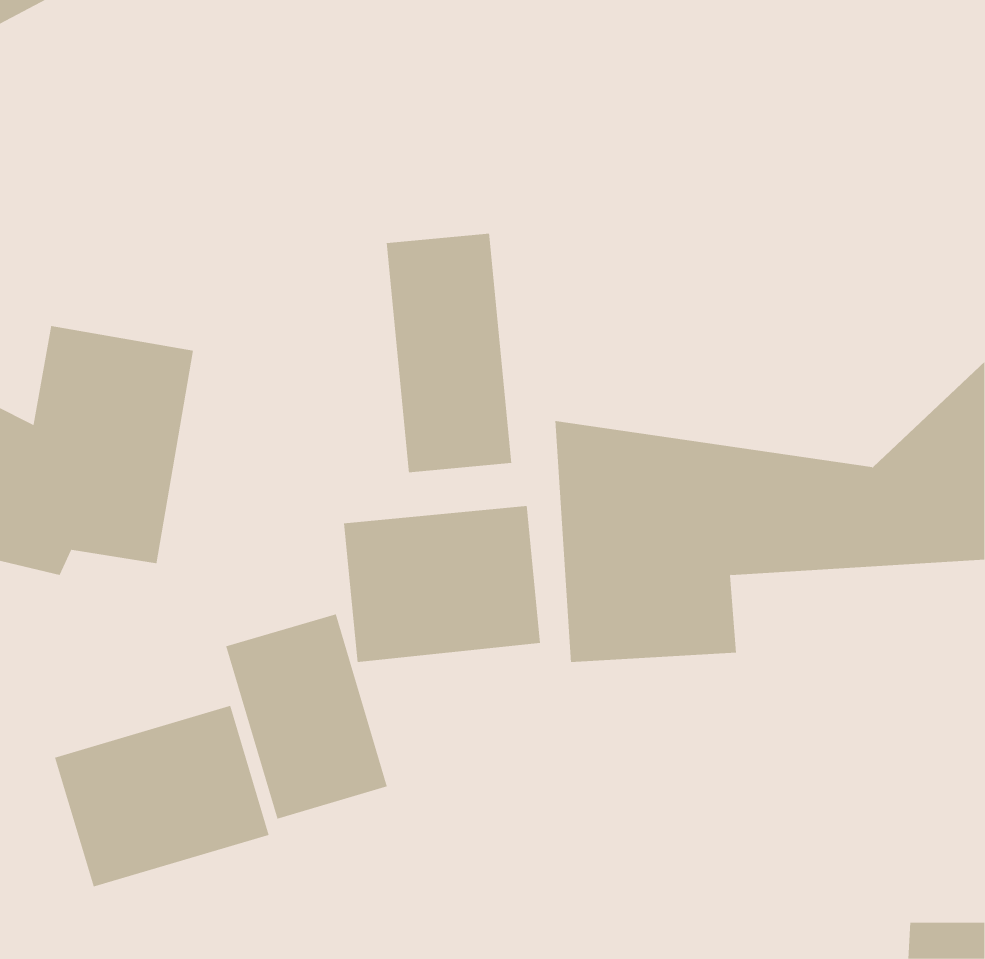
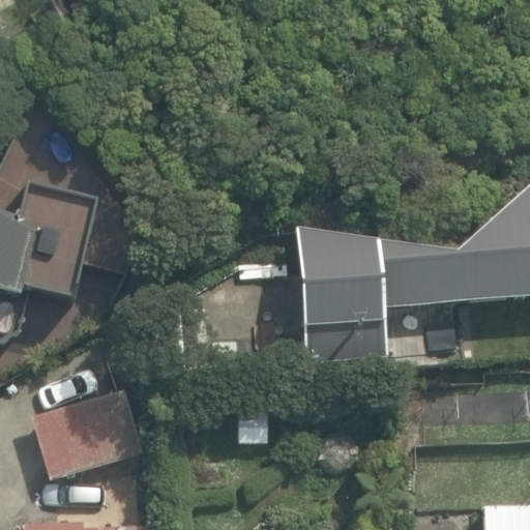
building: [386,233,512,473] -> none
building: [225,613,388,819] -> none

